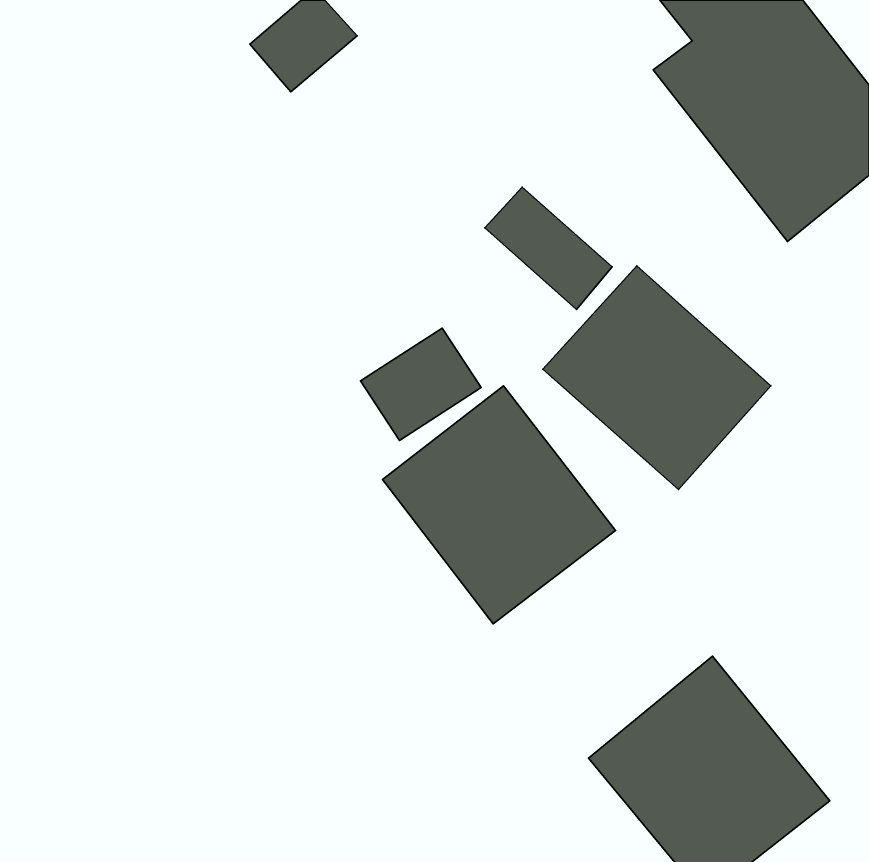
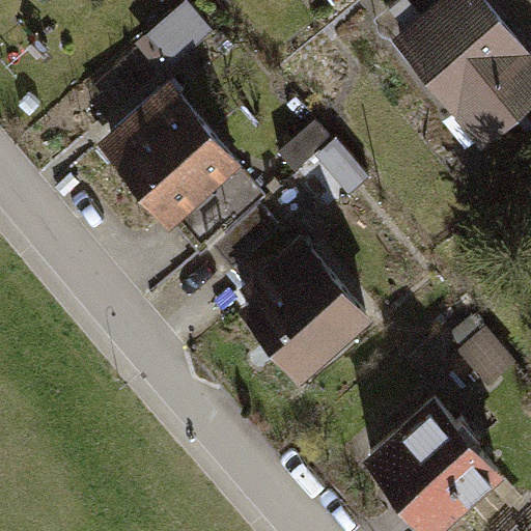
building: none -> [87,76,232,224]
building: [543,266,771,490] -> none

